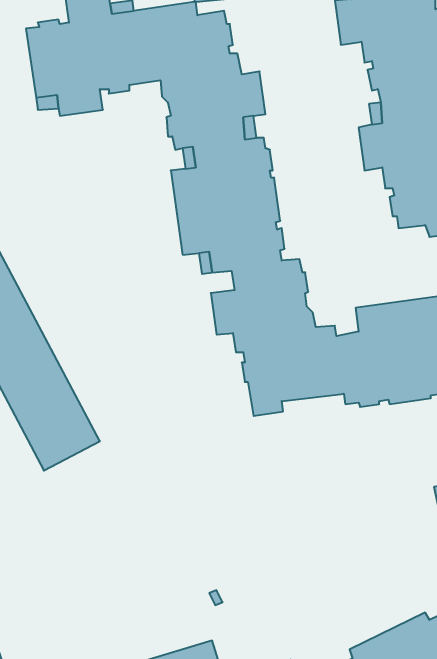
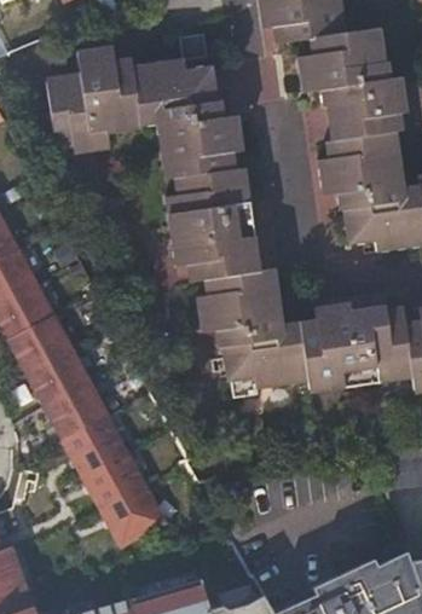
building: none -> [62,417,161,546]

